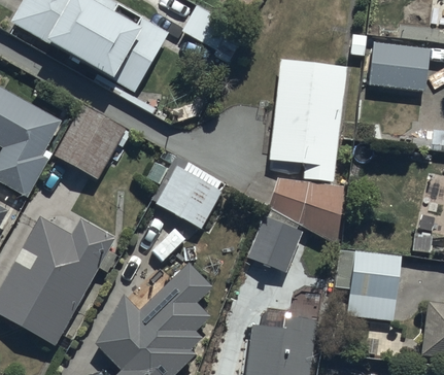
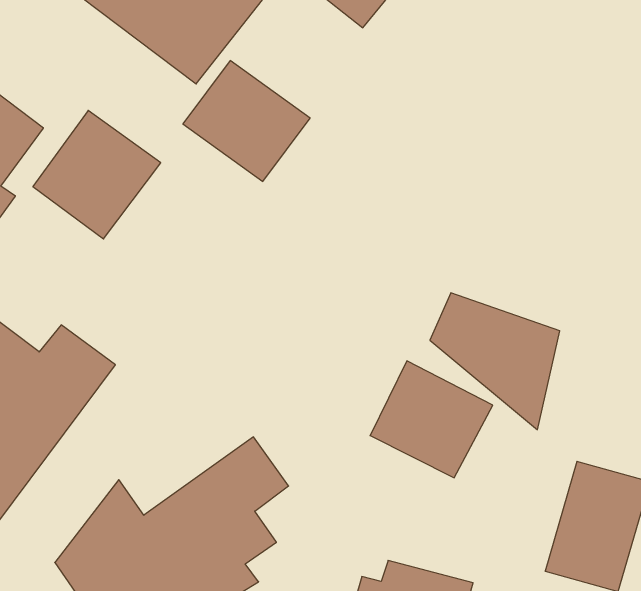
building: [274,61,340,173] -> none
building: [158,165,223,225] -> [183,61,310,181]

